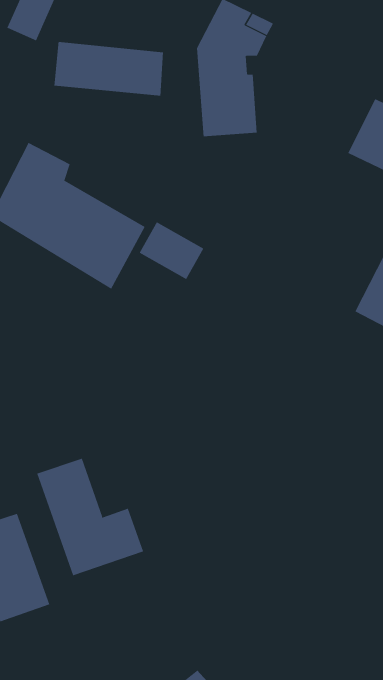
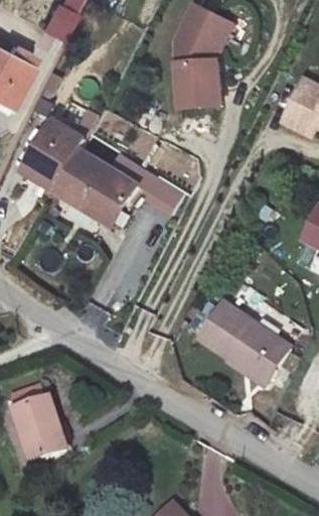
building: [54,41,164,97] -> none
building: none -> [197,304,288,387]
building: [37,458,144,576] -> none

